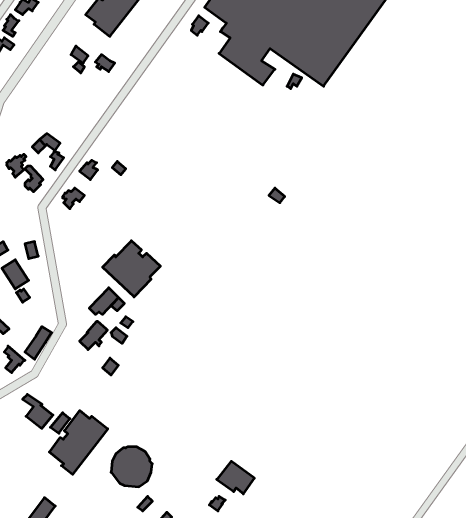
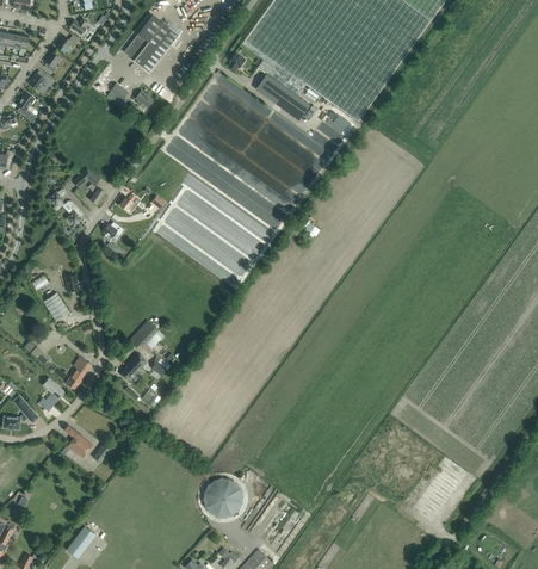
building: [103,241,160,297] -> none
building: [49,411,108,474] -> none
building: [111,447,152,487] -> [202,477,242,517]

